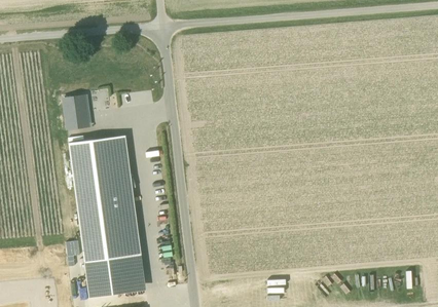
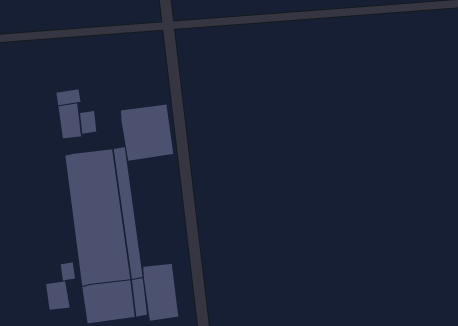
building: none -> [121,104,174,162]
building: none -> [143,263,179,321]
building: none -> [46,280,70,311]

